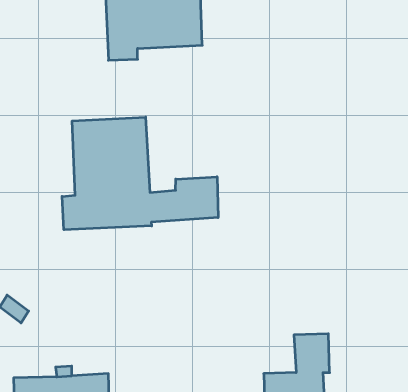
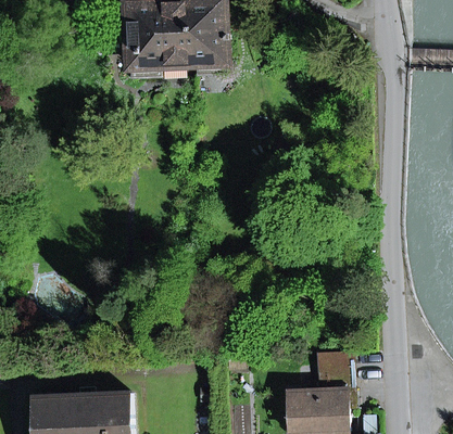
building: [62,117,218,230] -> none

